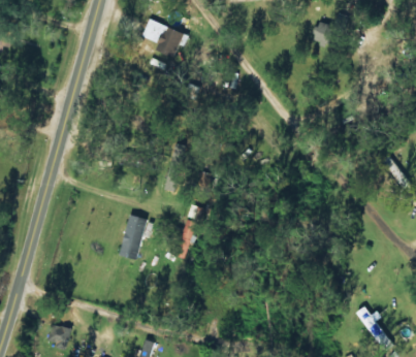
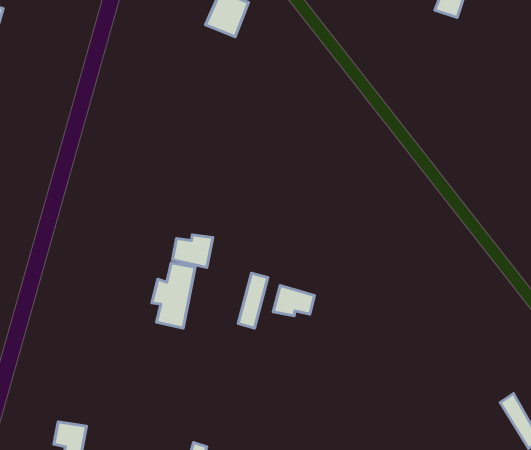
building: none -> [172,235,213,268]
building: none -> [273,286,315,316]

